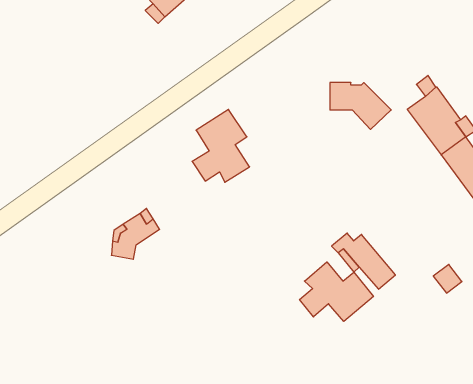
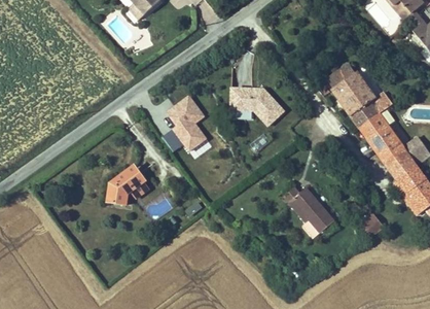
building: [330,83,391,129] -> [226,91,275,128]
building: [300,262,373,321] -> none

